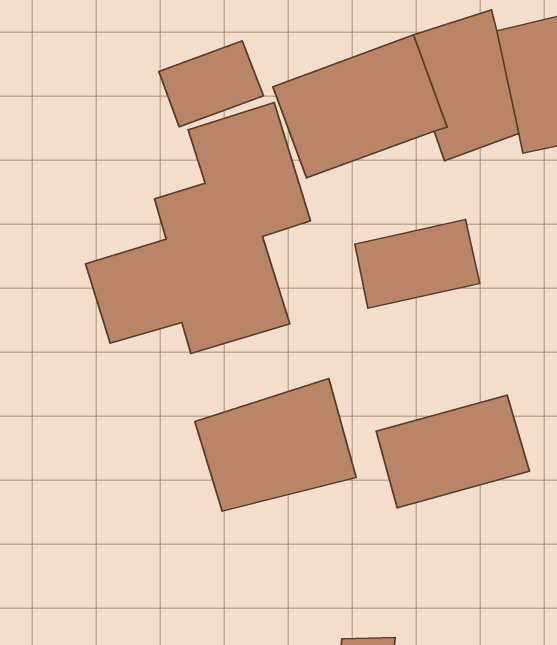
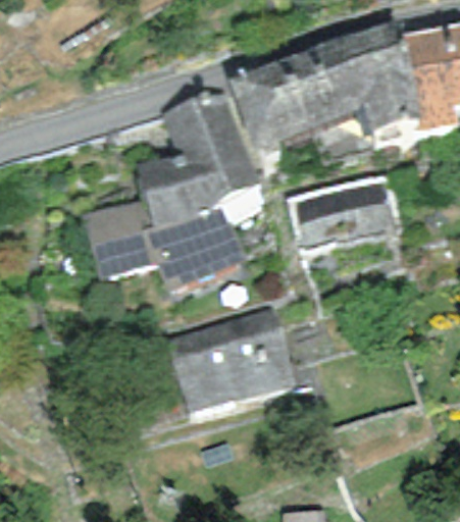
building: [159,41,263,127] -> none
building: [376,395,530,508] -> none

